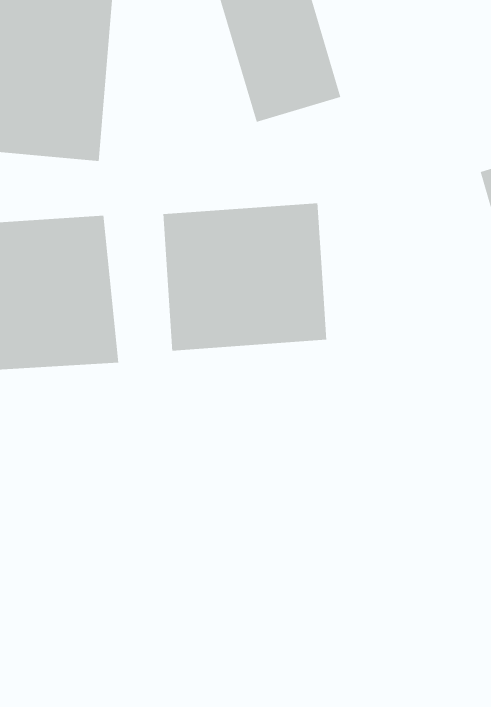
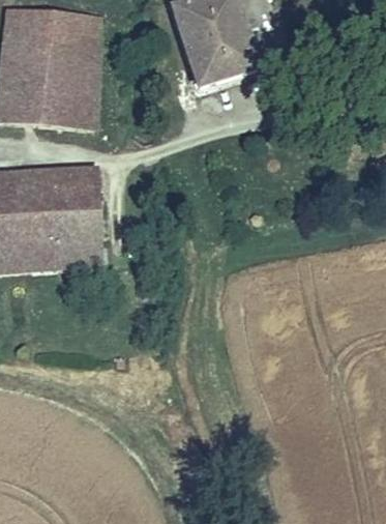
building: [163,202,327,351] -> none

